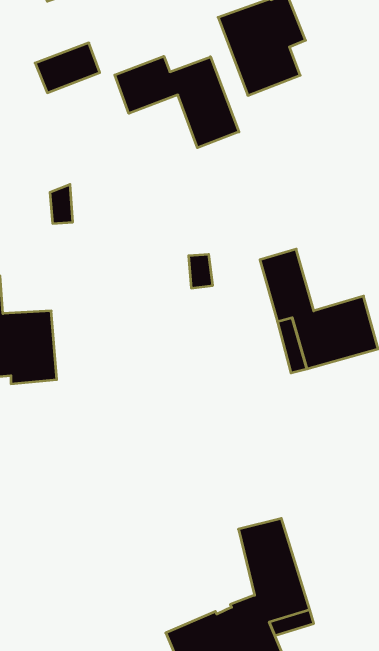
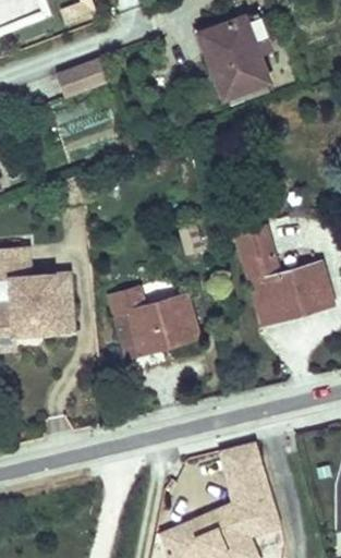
building: [115,56,239,148] -> none
building: none -> [111,289,197,357]

